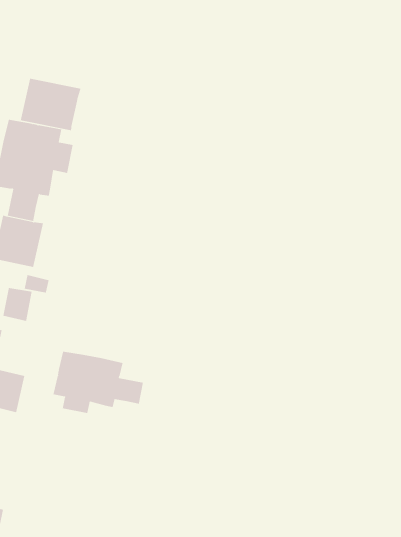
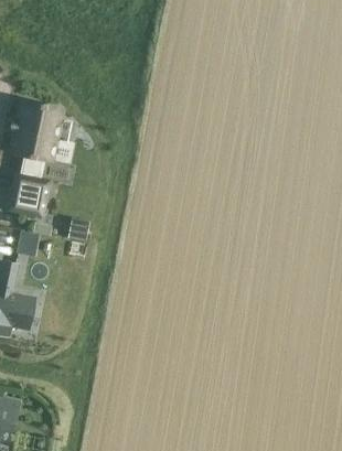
building: [20,78,81,131] -> none
building: [53,351,144,414] -> none

